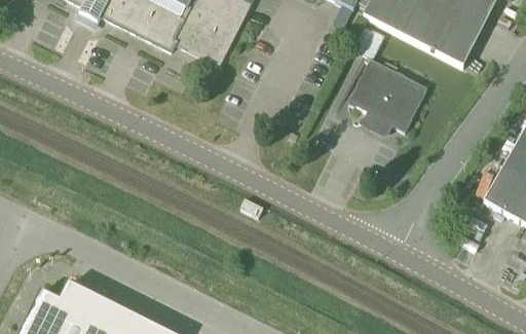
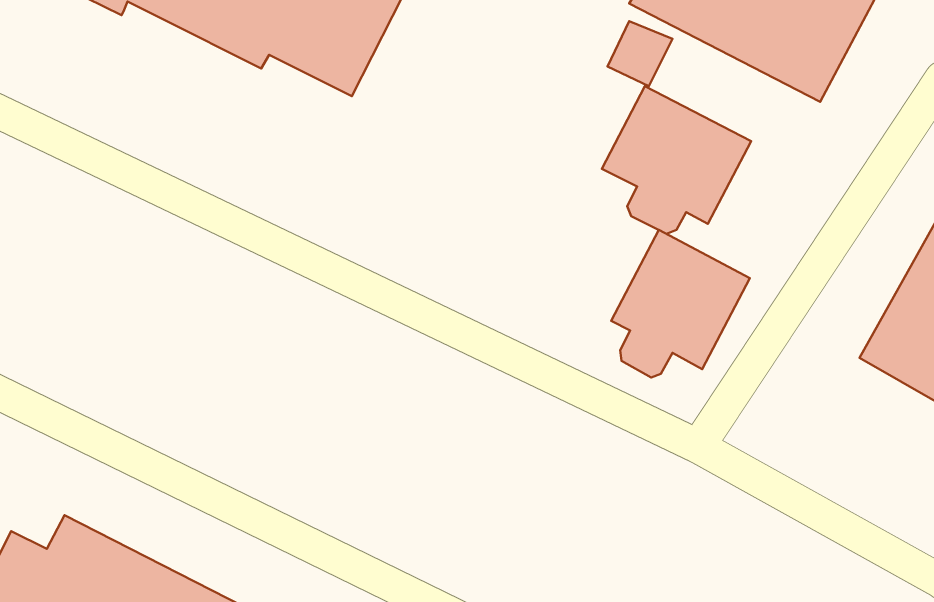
building: none -> [611,230,750,377]

